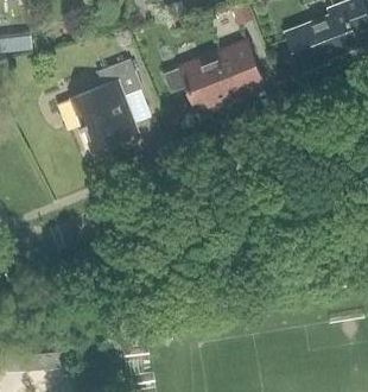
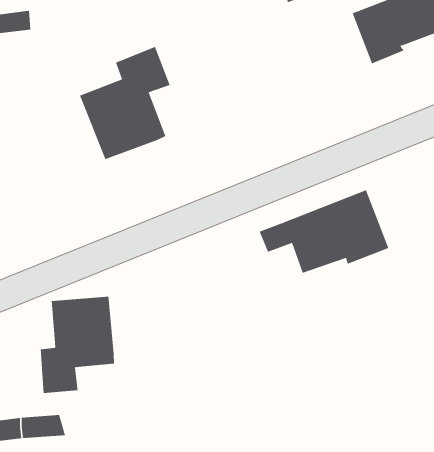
building: [161,40,265,107] -> [259,190,389,274]
building: none -> [40,296,114,394]

